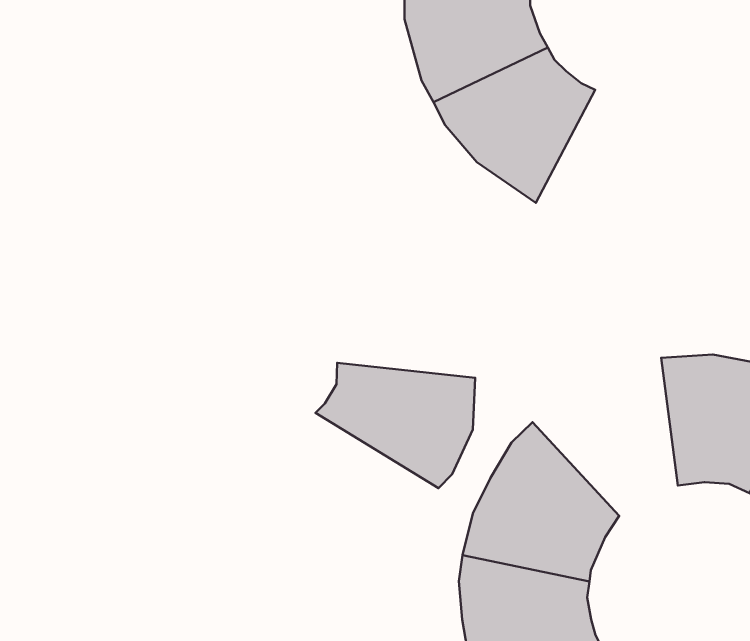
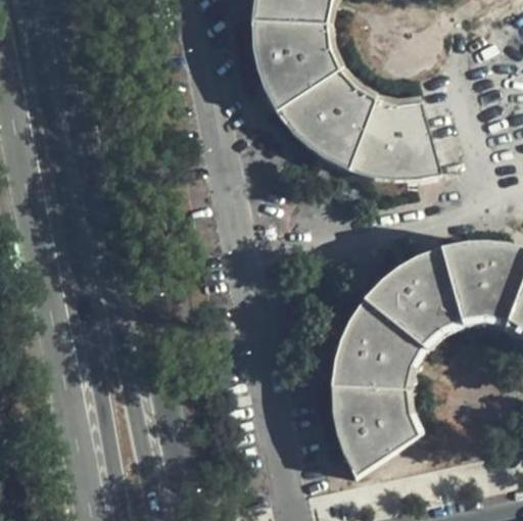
building: none -> [348,89,434,171]
building: none -> [364,249,459,350]
building: [316,363,475,488] -> none

